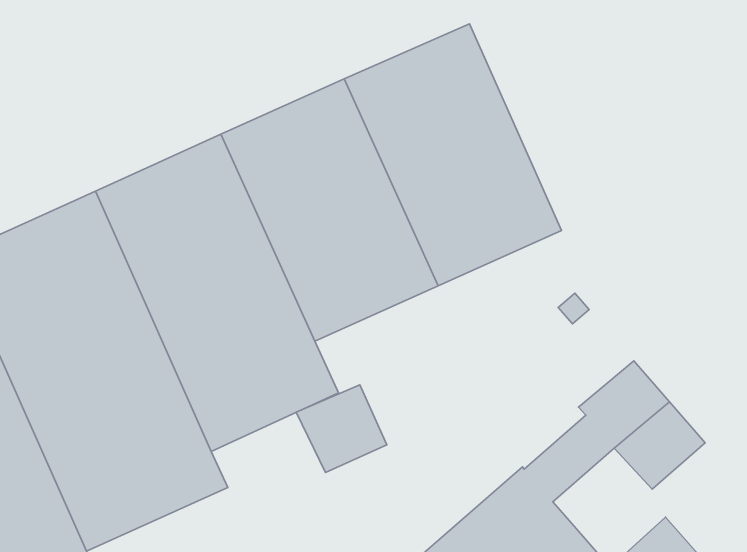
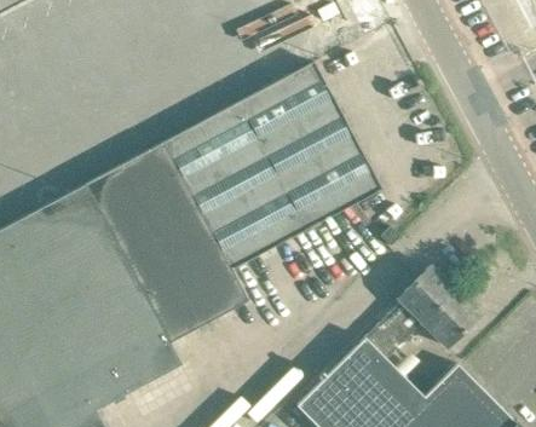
building: [296,385,387,473] -> none

